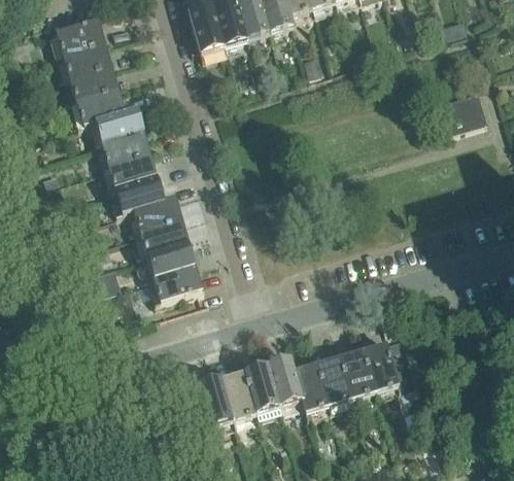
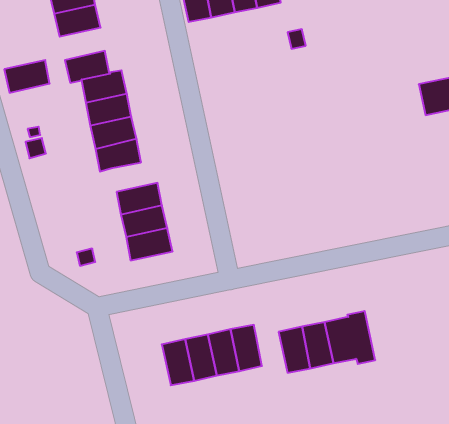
building: [69,62,116,98] -> [4,60,50,93]
building: [132,193,180,229] -> none
building: [293,359,328,408] -> none

